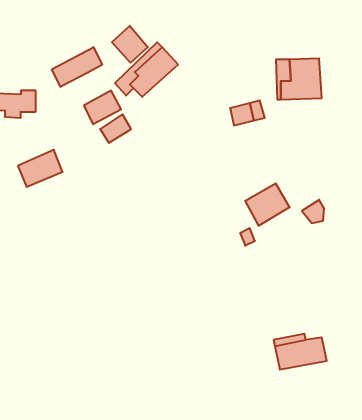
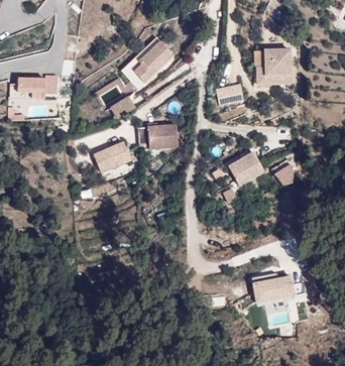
building: [112,26,148,63] -> none
building: [52,47,102,87] -> none
building: [18,150,63,187] -> [94,141,130,171]
building: none -> [147,124,178,148]

